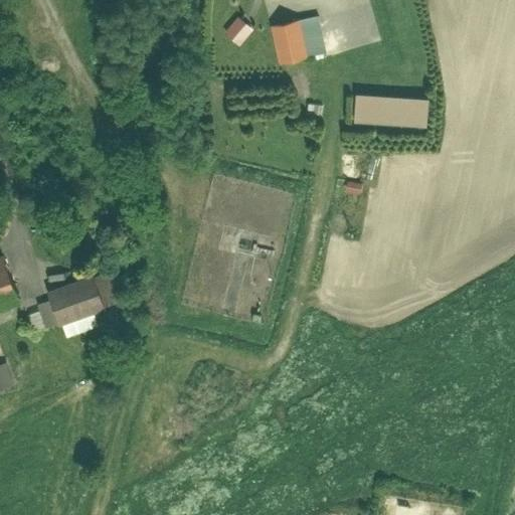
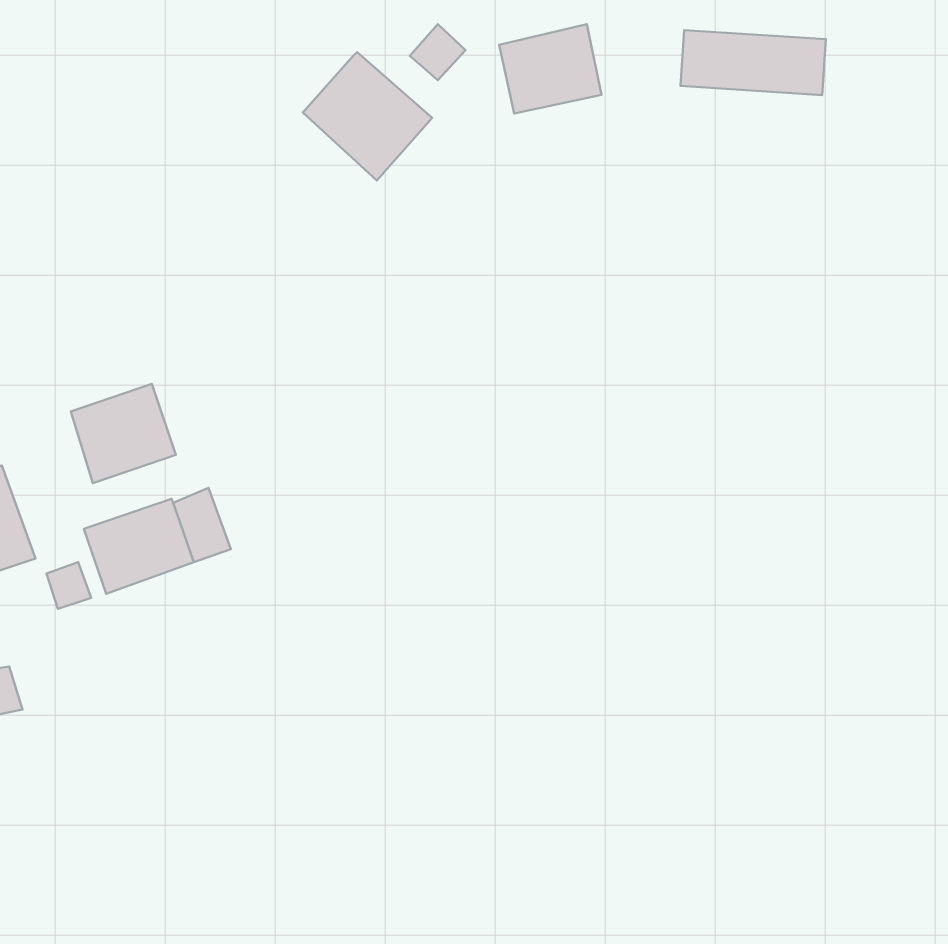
building: none -> [303,52,432,180]
building: [351,94,430,129] -> [681,30,826,95]
building: none -> [71,384,176,483]

